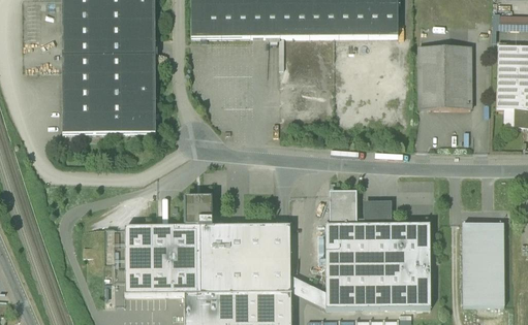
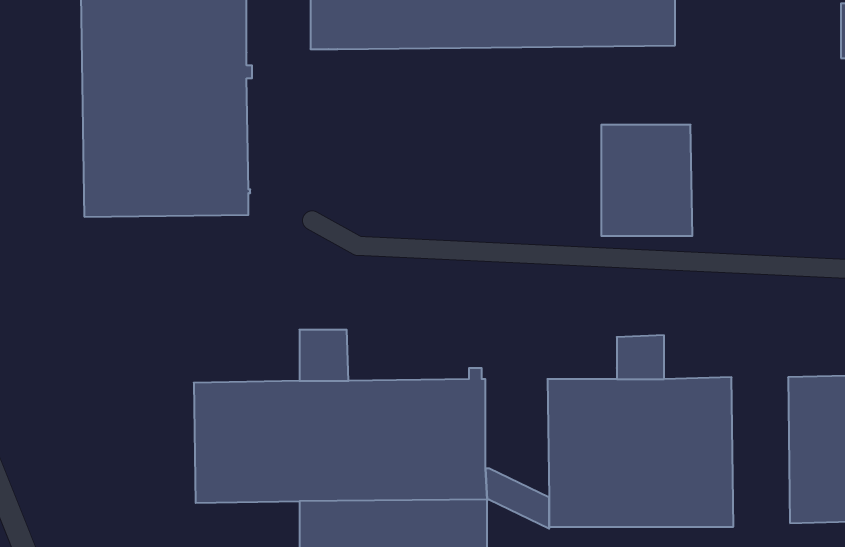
building: [420,45,471,108] -> [601,125,692,236]
building: [331,191,365,224] -> none

